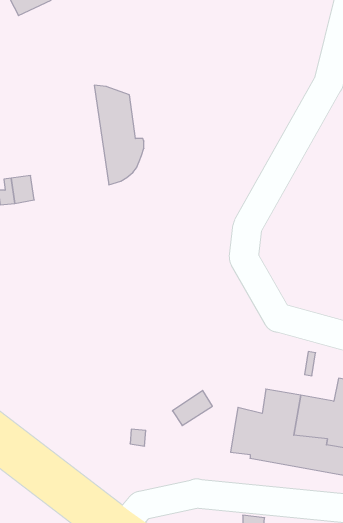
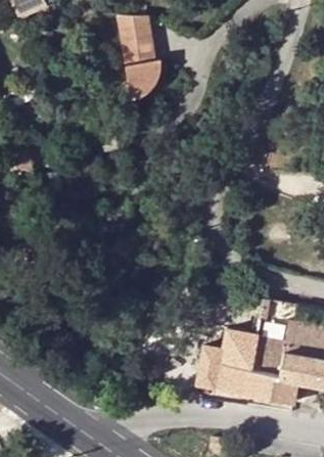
building: [94,85,144,185] -> [118,13,159,97]

